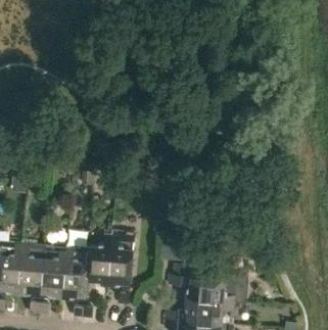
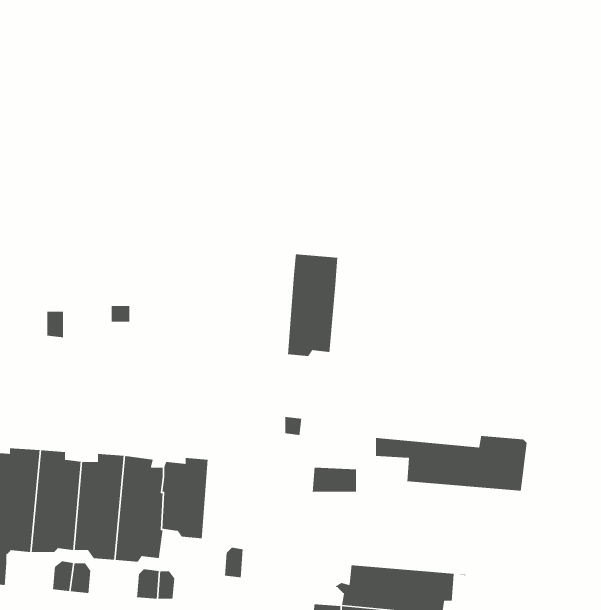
building: [107,233,134,287] -> [287,253,338,357]
building: [169,275,248,304] -> [375,435,527,492]

